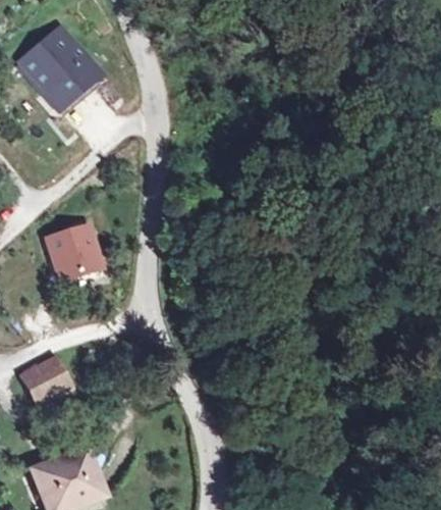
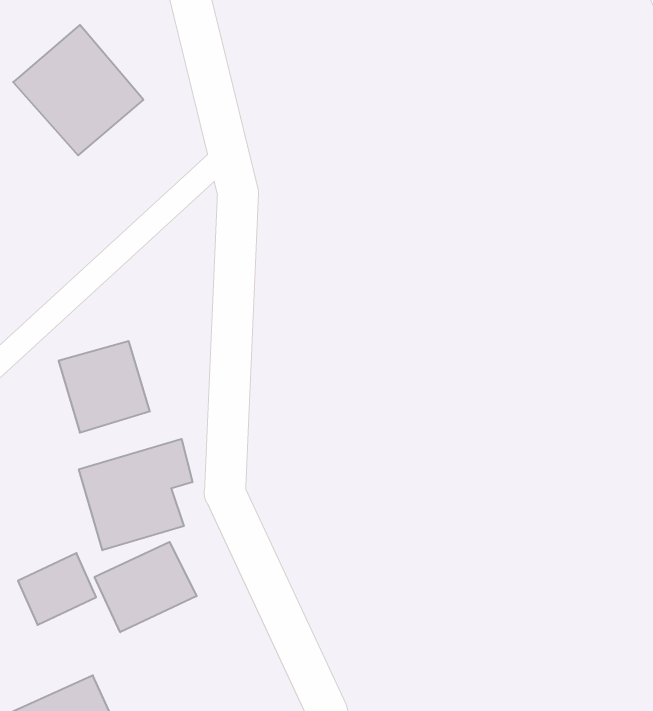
building: none -> [79,439,192,550]
building: none -> [95,542,197,632]

